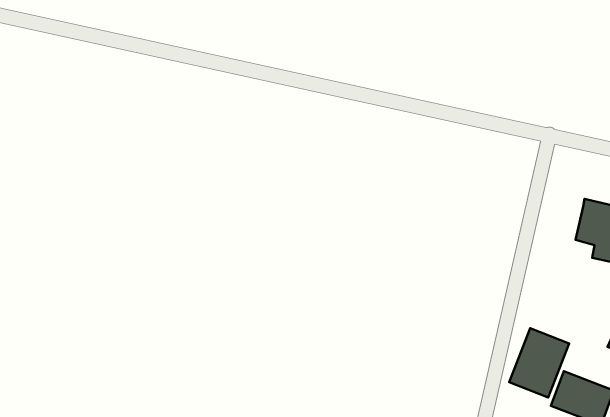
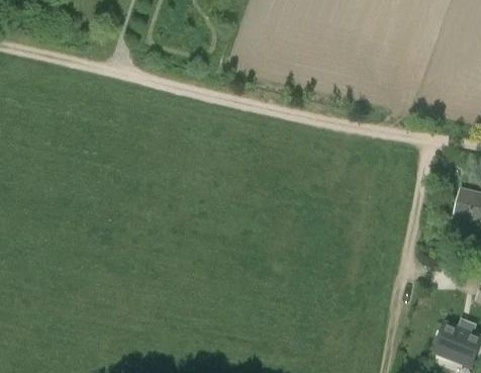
building: [509,328,569,398] -> none

